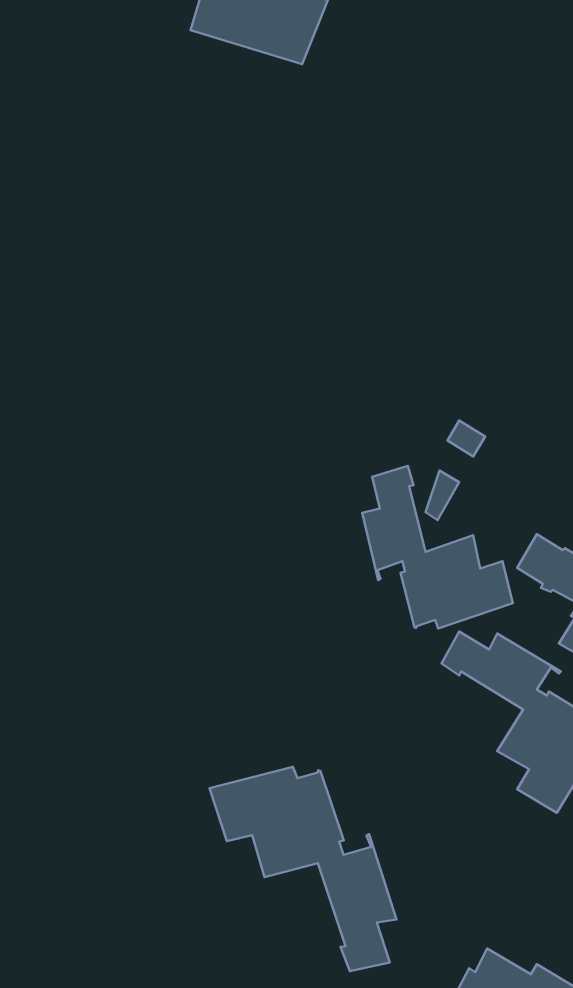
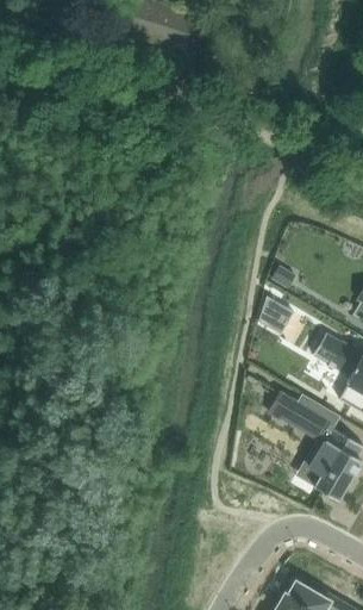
building: [362,466,513,628] -> none
building: [210,767,396,971] -> none

